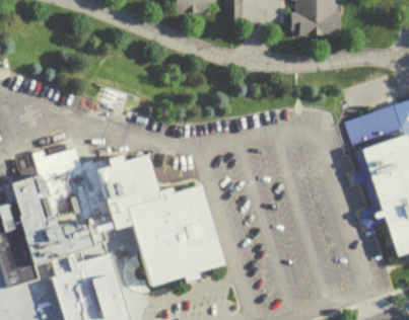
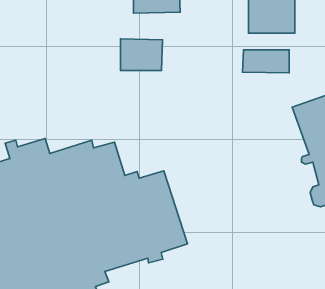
building: none -> [121,39,162,70]
building: none -> [242,50,289,73]

